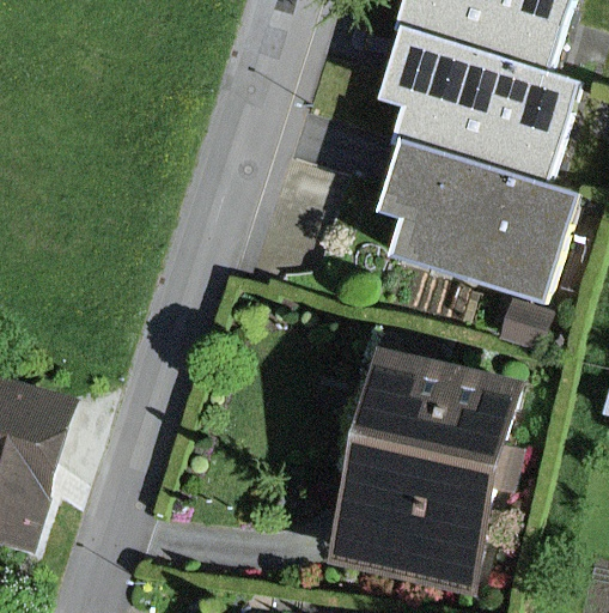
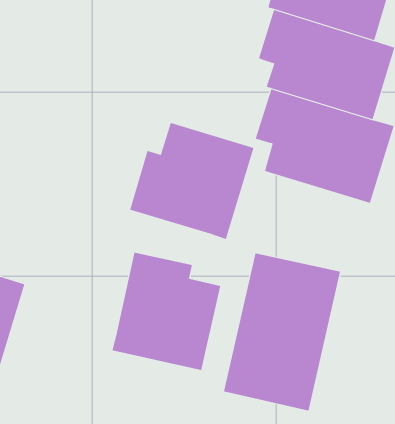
building: none -> [130,122,254,240]
building: none -> [112,252,221,371]

